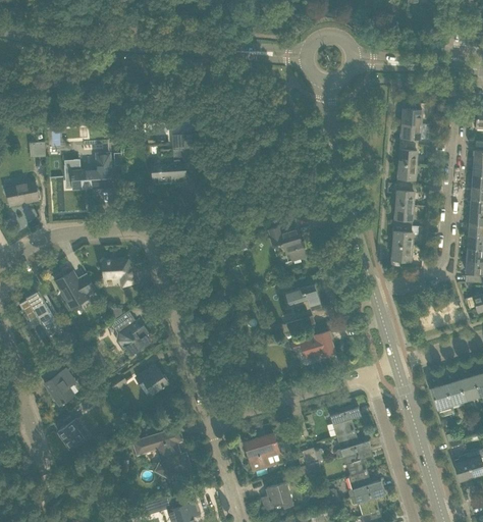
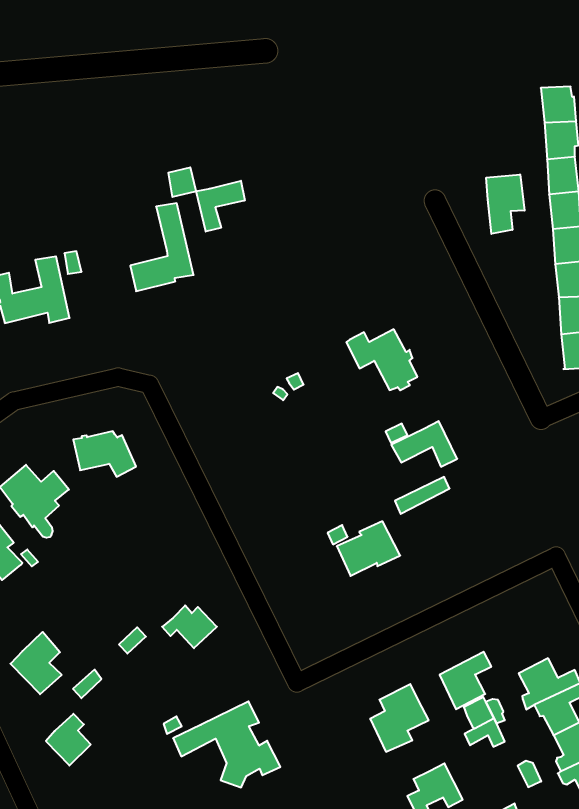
building: none -> [196,181,245,232]
building: none -> [486,174,525,234]
building: [111,312,150,356] -> none
building: [300,331,335,360] -> [337,521,400,576]
building: [330,407,361,437] -> [440,652,491,709]

